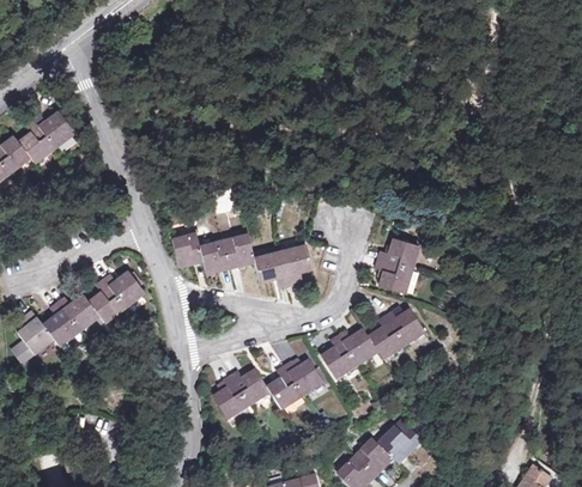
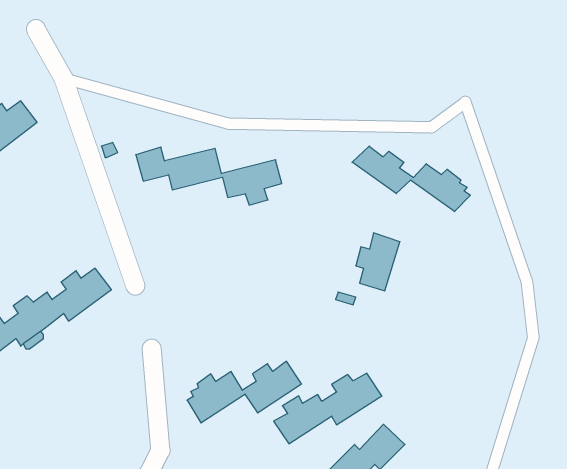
building: none -> [352,146,470,212]
building: [170,233,309,288] -> [136,147,282,205]
building: [322,311,425,378] -> [274,373,382,444]

